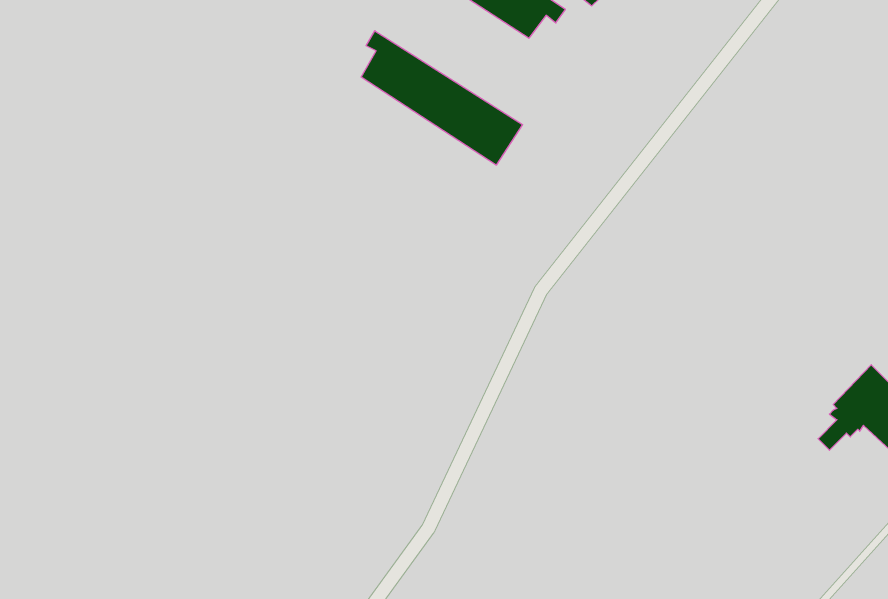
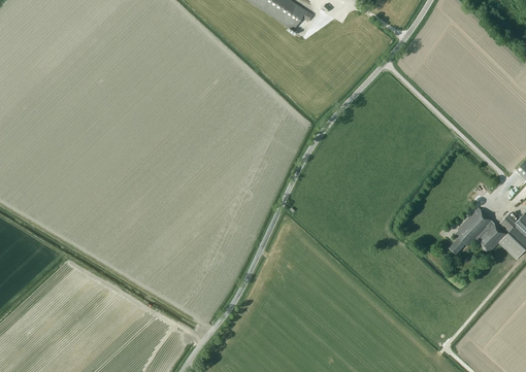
building: [361,31,523,165] -> none

